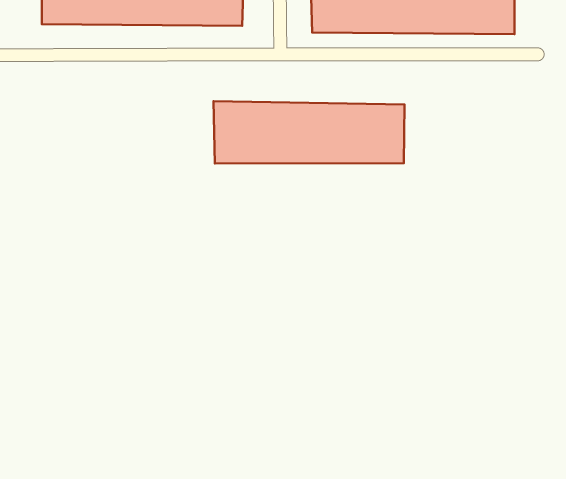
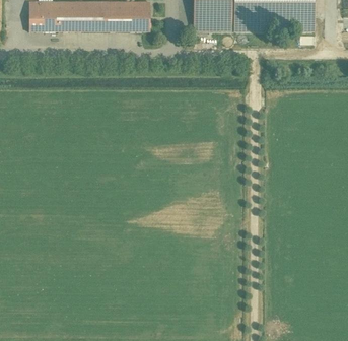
building: [214,101,404,164] -> none

